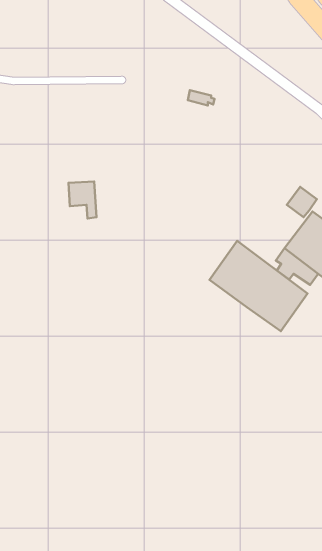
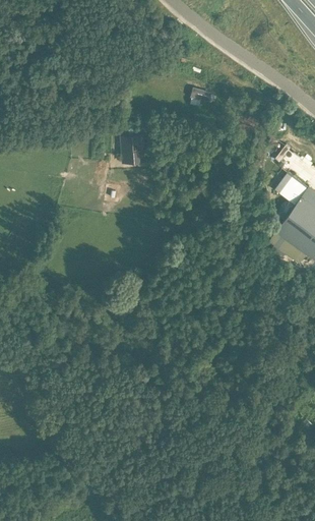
building: [69,182,96,218] -> [122,134,147,168]
building: [209,241,308,331] -> none

